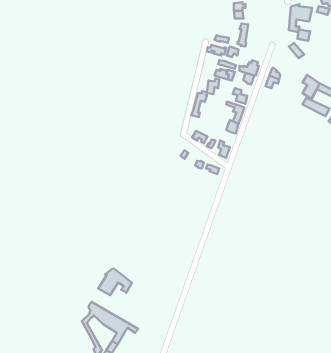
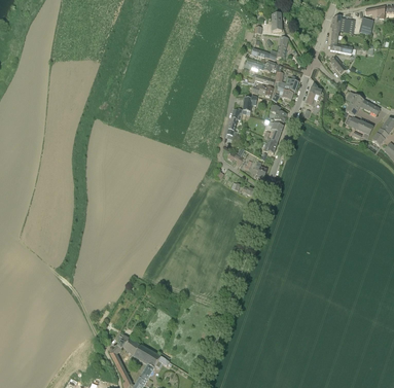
building: [98,268,132,295] -> none

